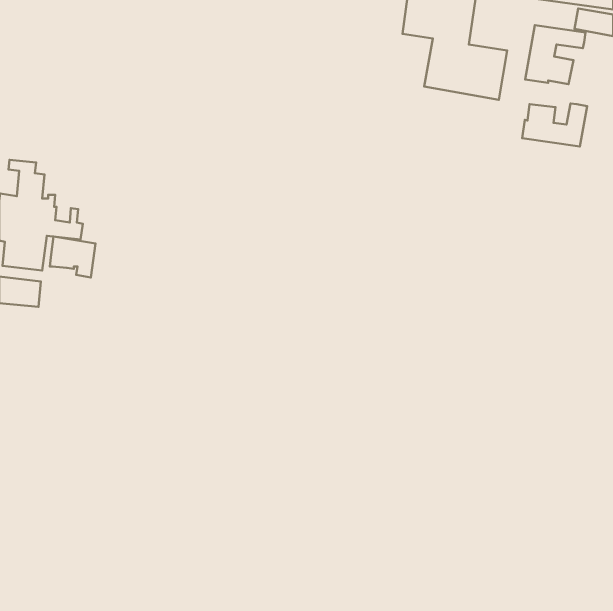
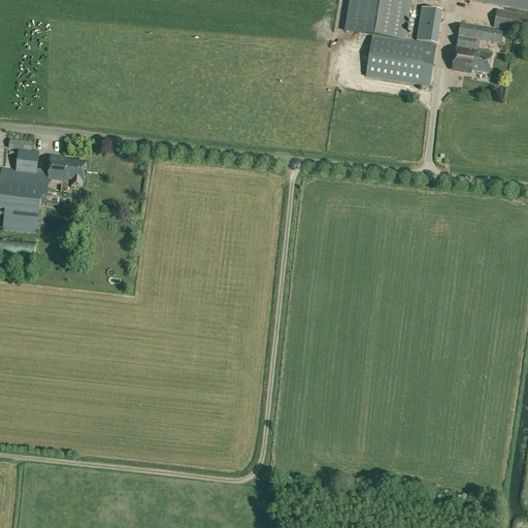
building: none -> [416,5,440,41]
building: [522,103,587,146] -> none
building: [50,236,96,277] -> [46,152,86,187]

